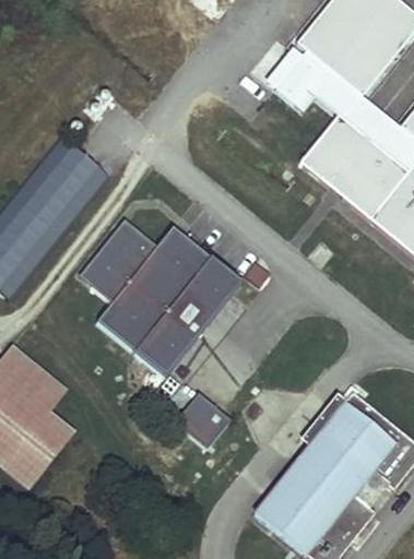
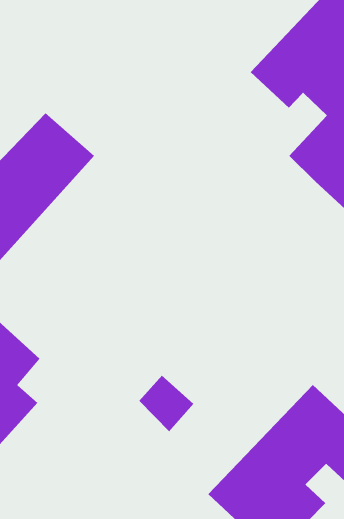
building: [76,217,241,377] -> none

